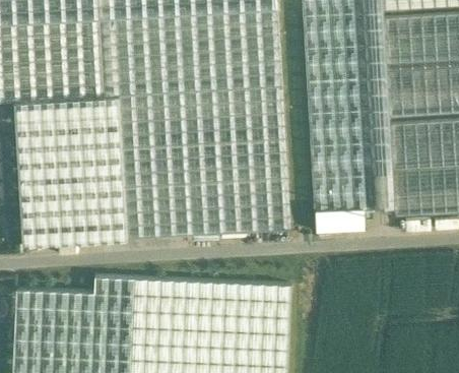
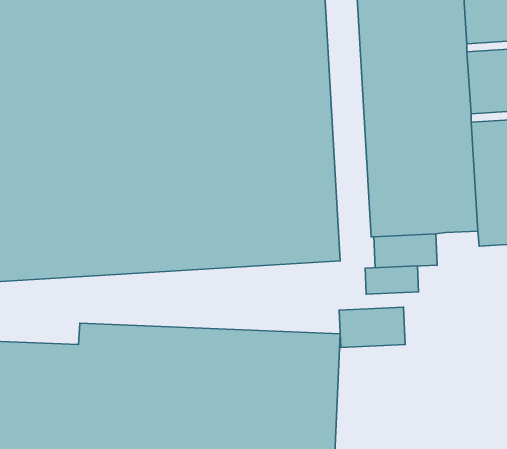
building: none -> [365,266,419,294]
building: none -> [339,307,405,347]

